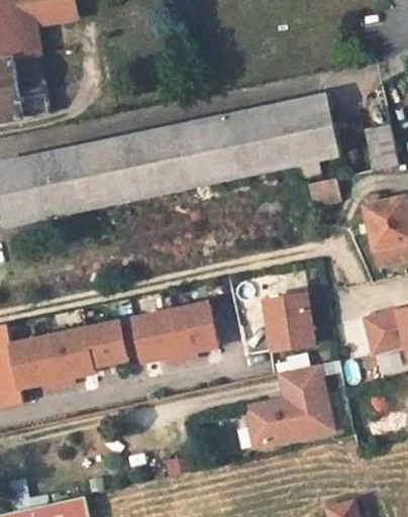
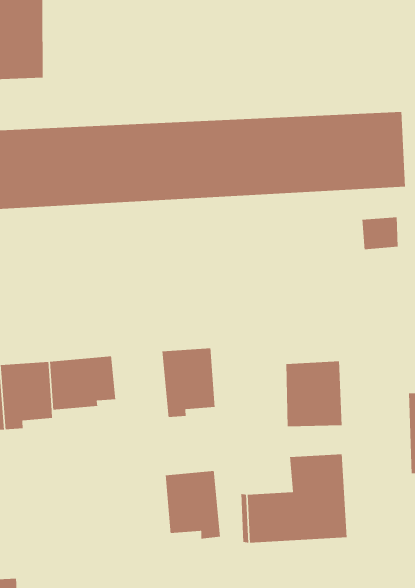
building: [131,307,181,361] -> [165,470,221,540]

